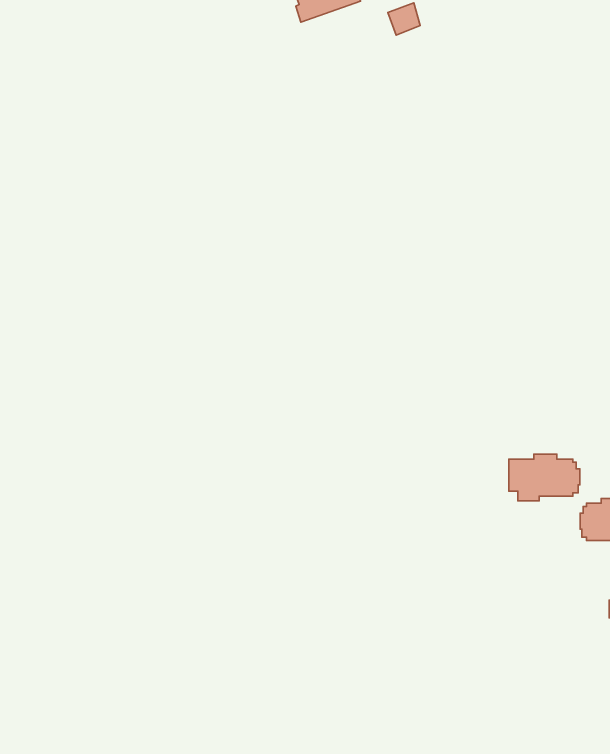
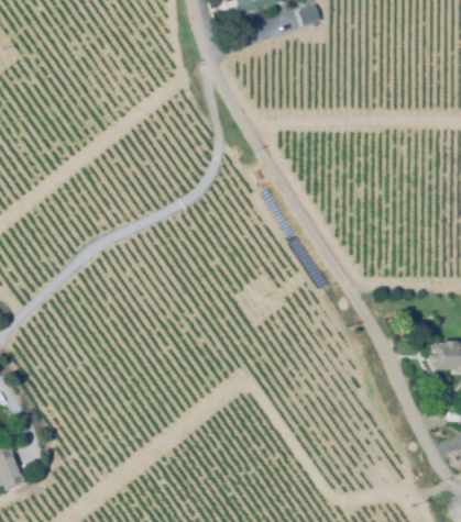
building: [509,454,580,501] -> none

